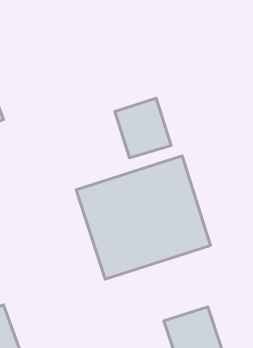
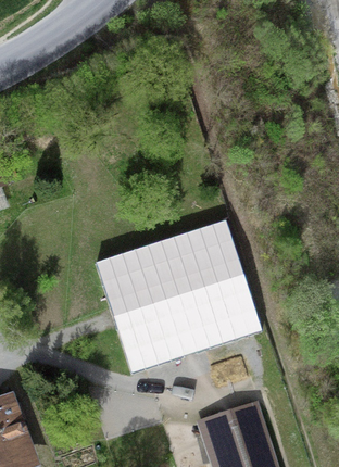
building: [115,98,171,158] -> none

